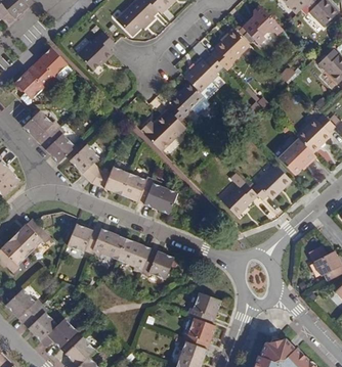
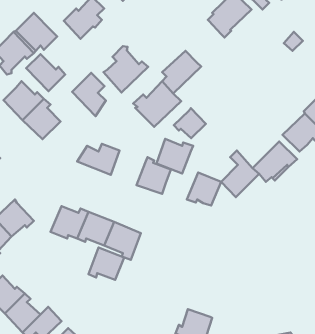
building: [183,54,222,92] -> none
building: none -> [103,46,148,92]
building: none -> [26,54,65,91]
building: none -> [174,108,206,138]
building: [69,143,99,183] -> [72,73,106,116]
building: [121,173,155,204] -> [156,139,193,174]
building: none -> [187,172,221,206]
building: [139,248,172,278] -> [88,247,124,280]
building: [186,292,221,325] -> none

